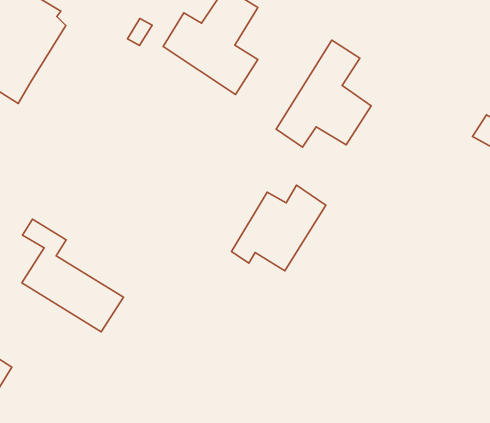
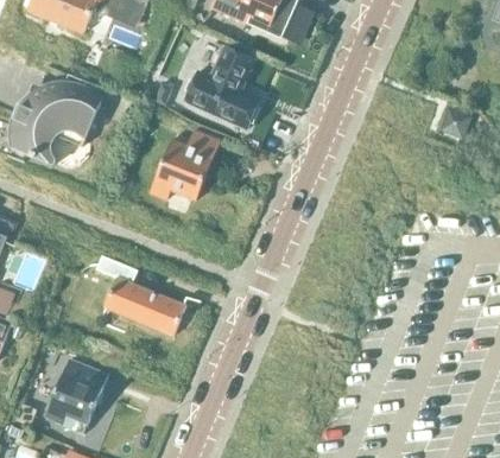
building: [276,40,371,147] -> none
building: [232,185,326,271] -> [150,131,219,201]

